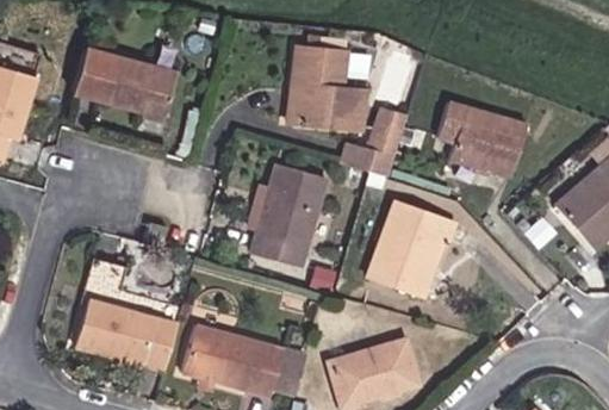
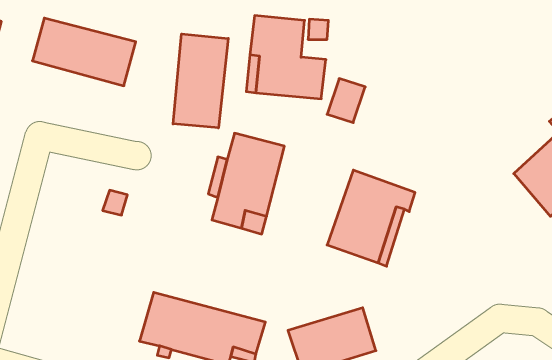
building: none -> [173,34,228,128]
building: [437,102,527,178] -> none
building: [343,139,394,175] -> none
building: [74,259,181,371] -> none

